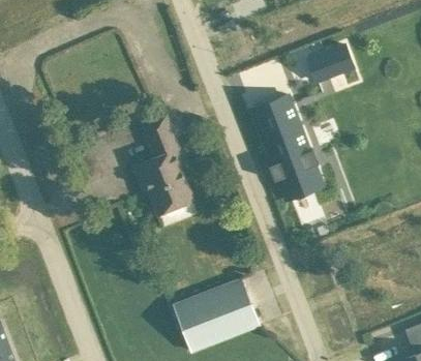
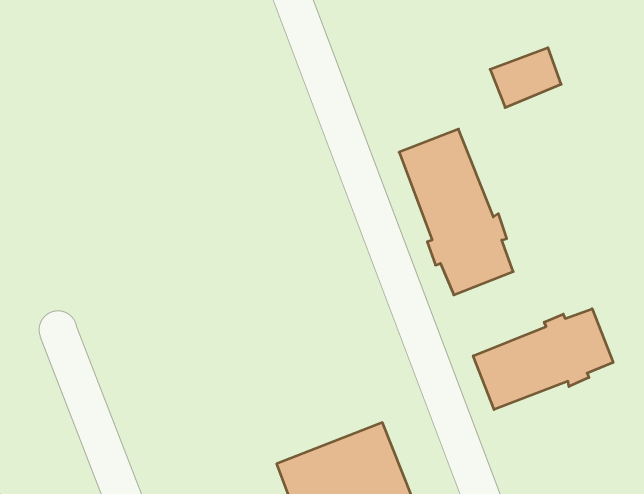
building: [133,116,193,215] -> none
building: none -> [473,309,613,410]

